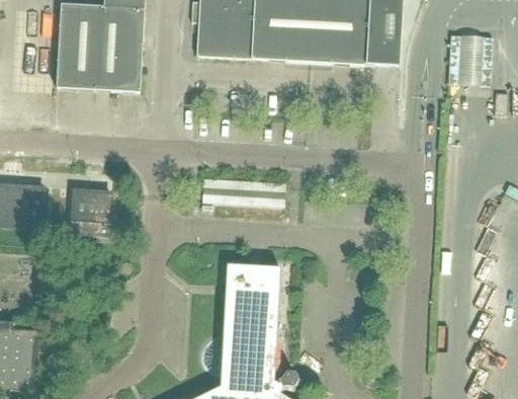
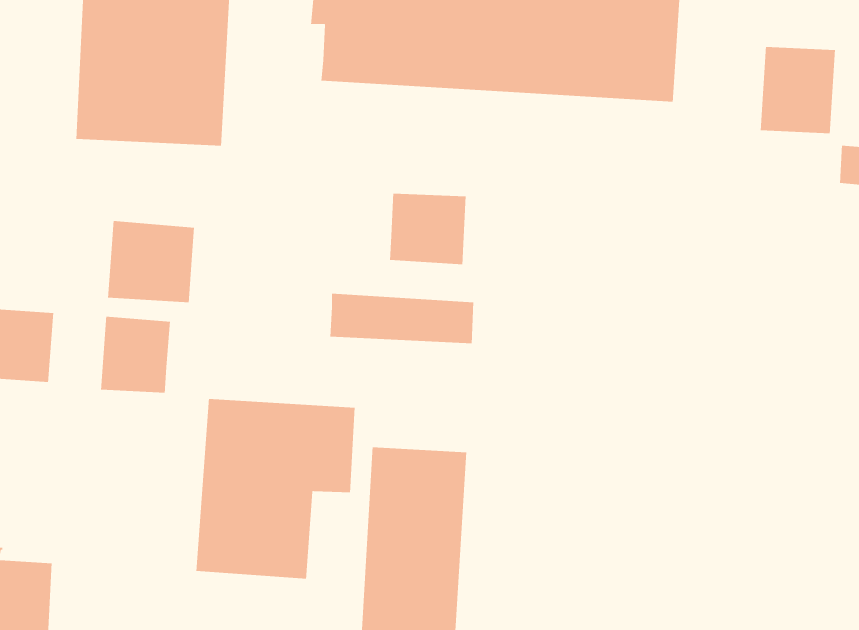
building: none -> [389,193,467,265]
building: none -> [107,220,195,303]
building: none -> [196,398,355,580]

